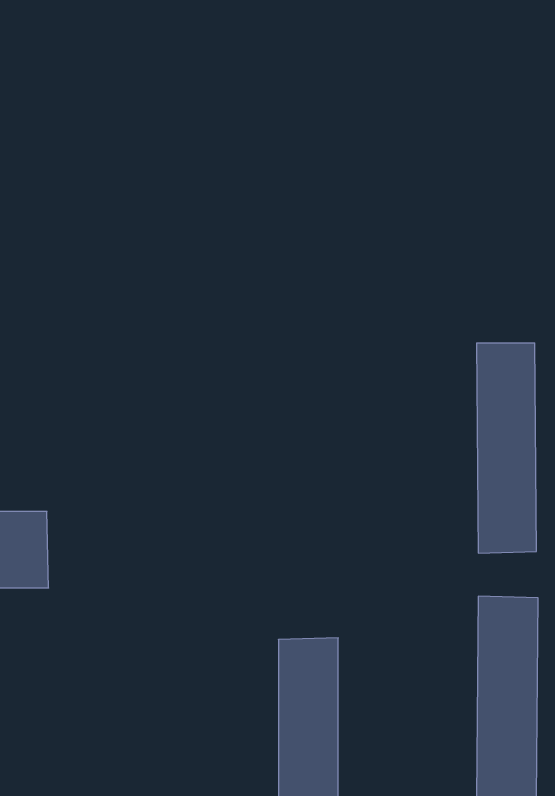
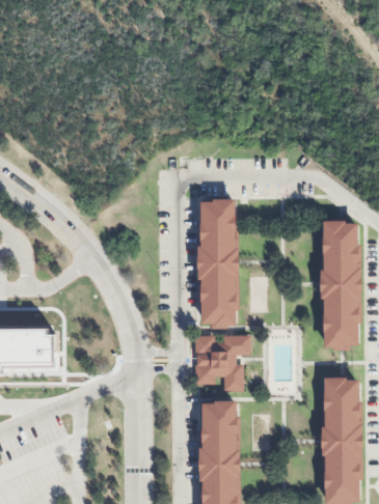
building: none -> [199,200,235,327]
building: none -> [192,336,252,392]

